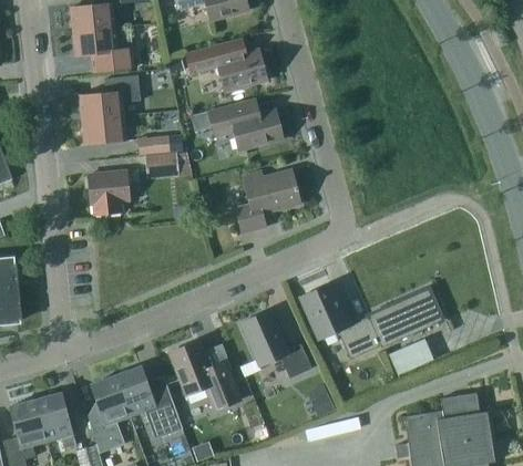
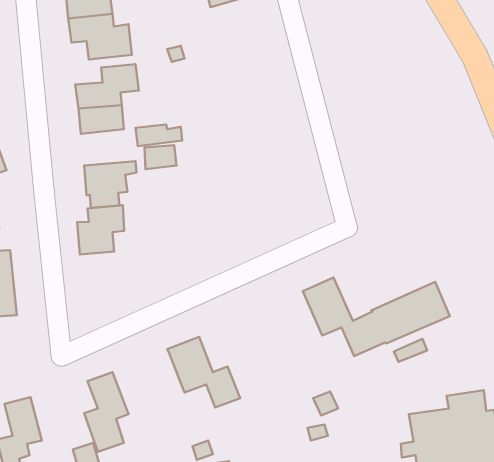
building: [184,40,267,92] -> none
building: [191,99,284,152] -> none
building: [235,169,300,234] -> none
building: none -> [77,205,124,255]
building: [239,310,311,379] -> none
building: [115,366,183,439] -> none
building: [35,392,75,448] -> none

